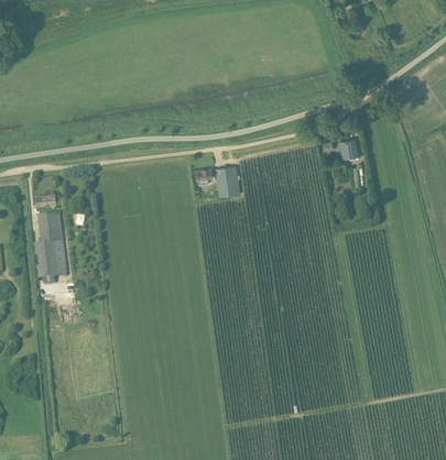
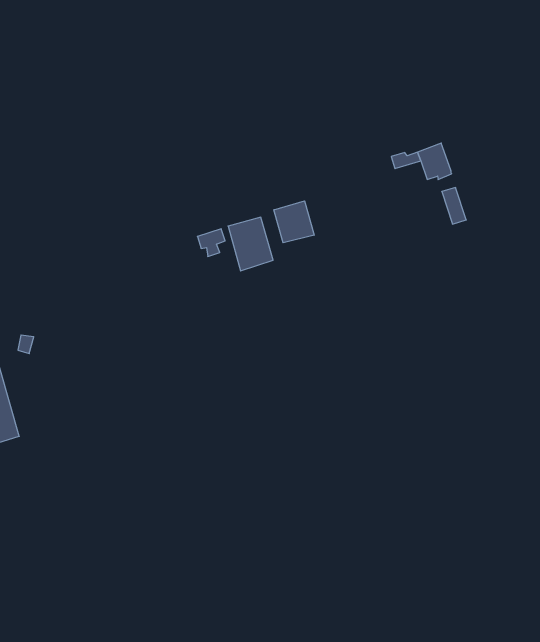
building: none -> [274,201,314,243]

